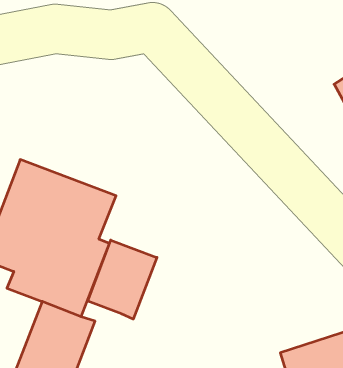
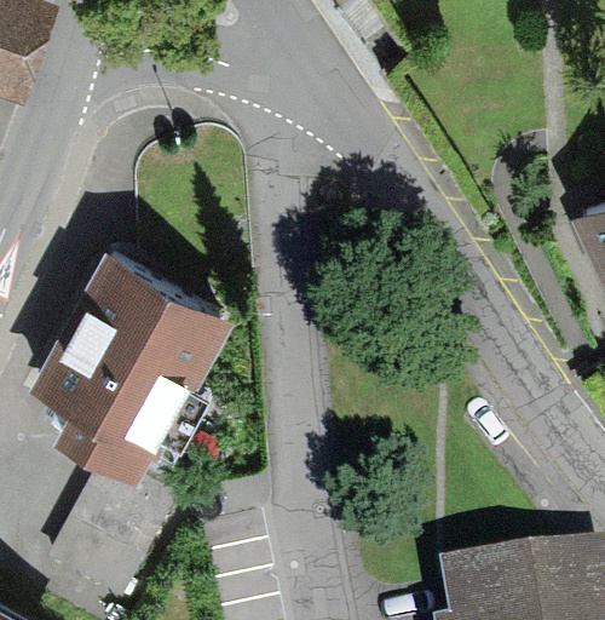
building: [88,240,157,319] -> none

